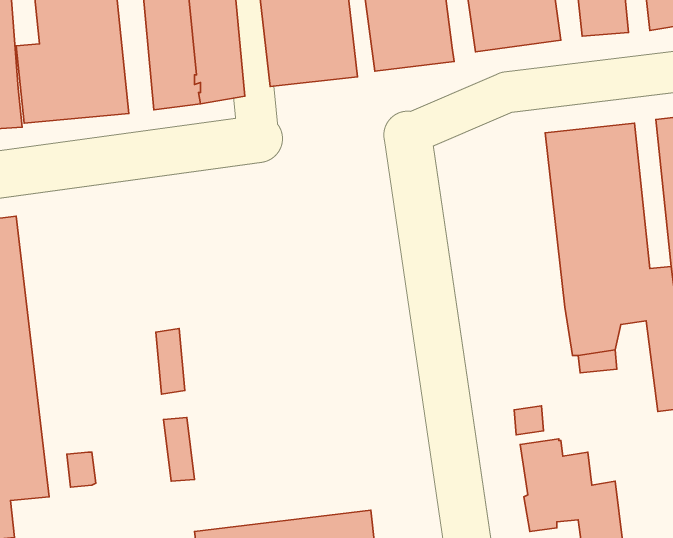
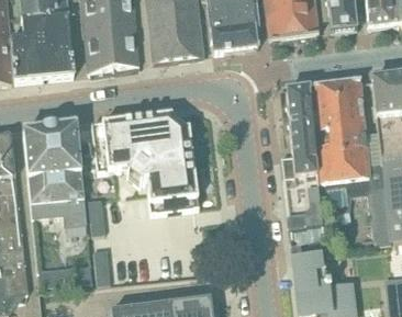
building: none -> [281,84,322,228]
building: none -> [92,111,199,210]
building: none -> [23,122,87,224]

